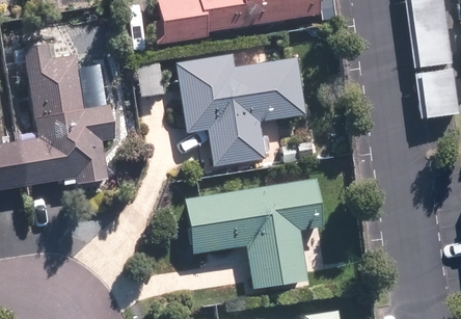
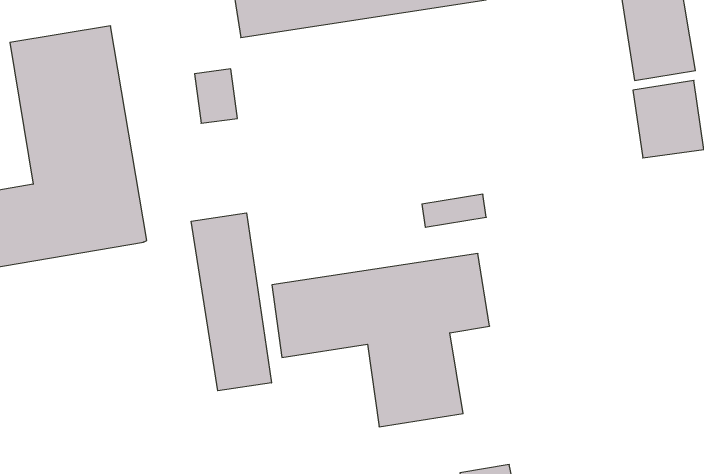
building: [174,54,305,165] -> none
building: none -> [191,213,271,391]

